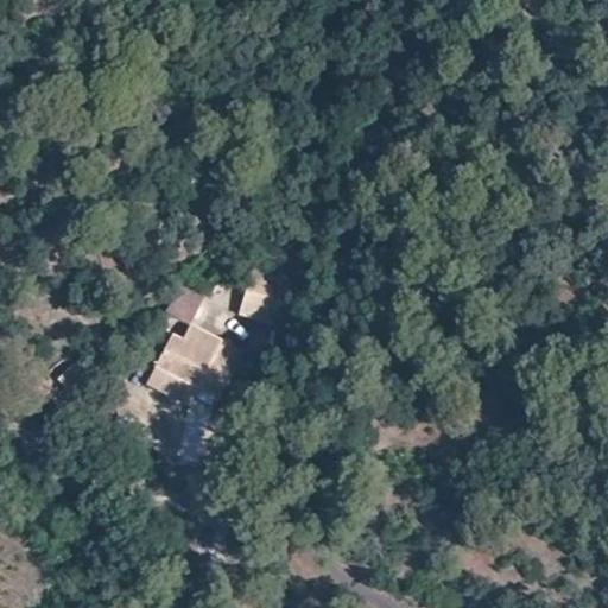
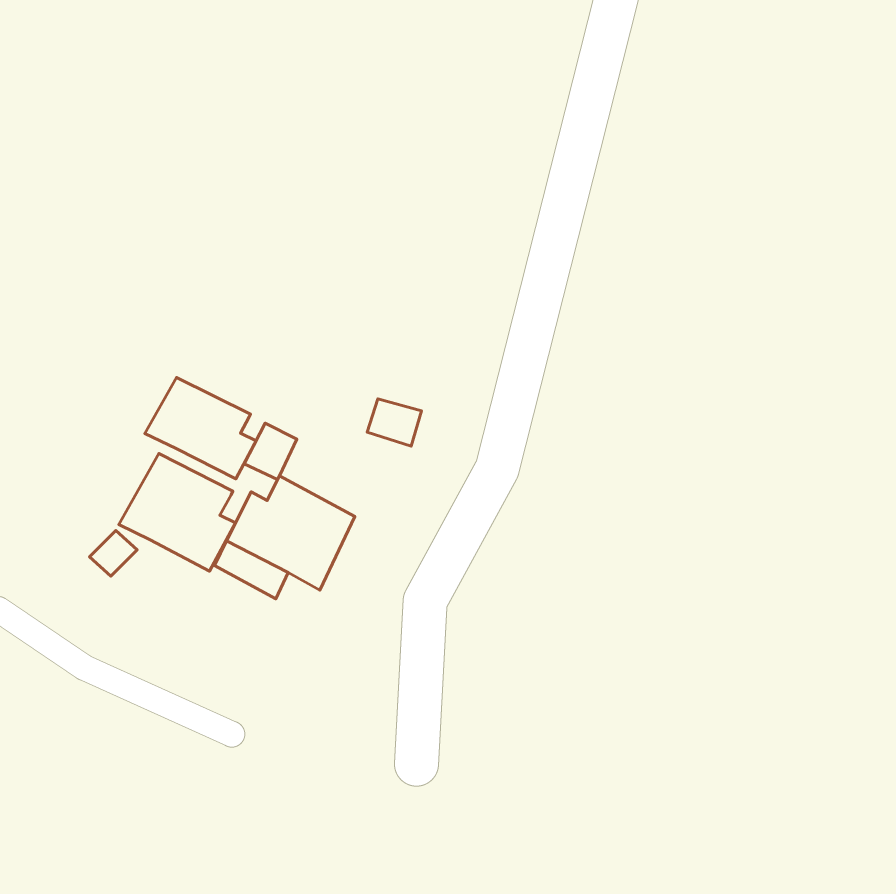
building: none -> [145,378,256,479]
building: none -> [119,454,236,571]

